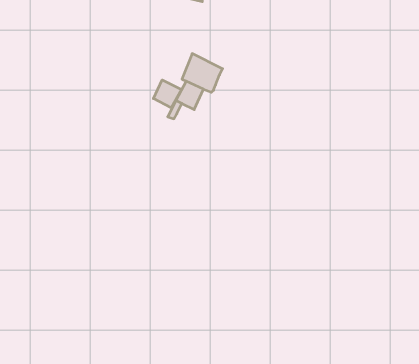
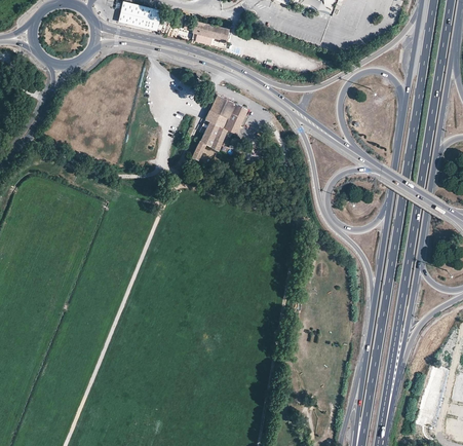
building: [153,80,182,108] -> none

